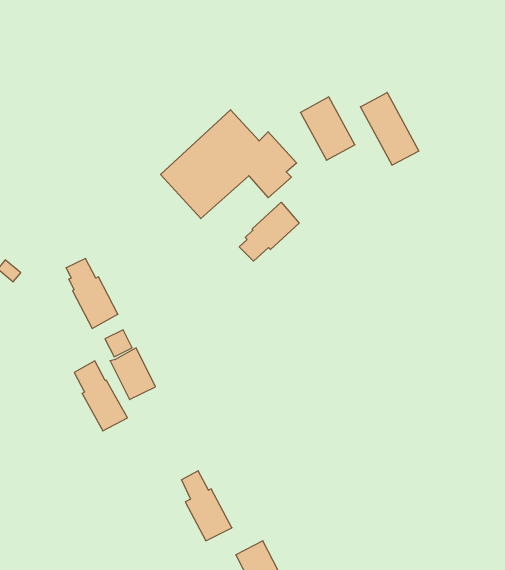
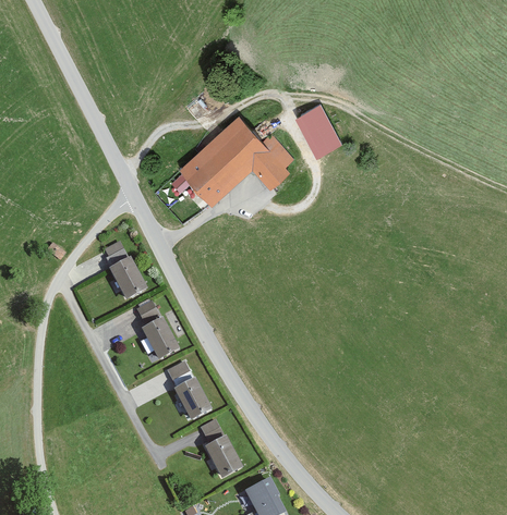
building: [360,92,419,165] -> none
building: [239,202,299,261] -> none
building: [74,361,127,431] -> [165,360,209,419]

